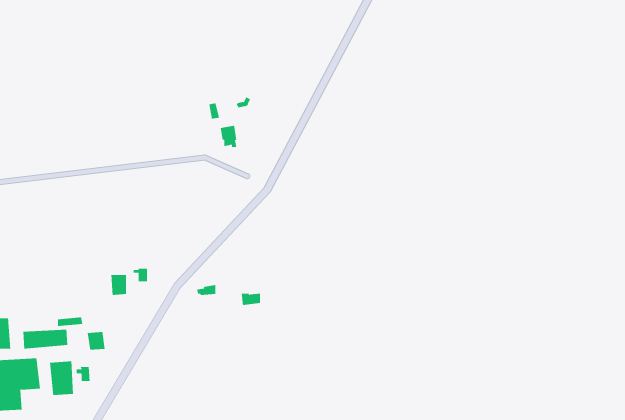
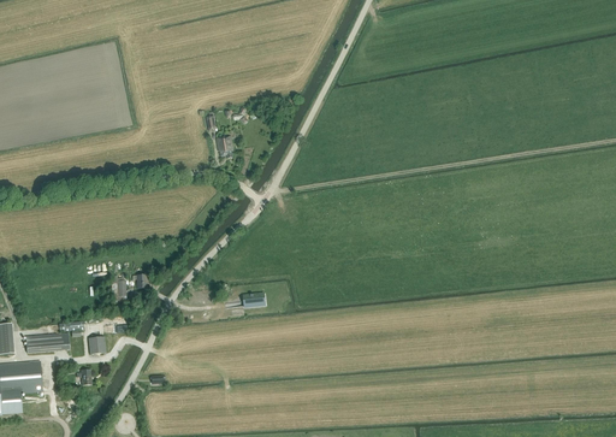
building: [50,361,73,396] -> none

